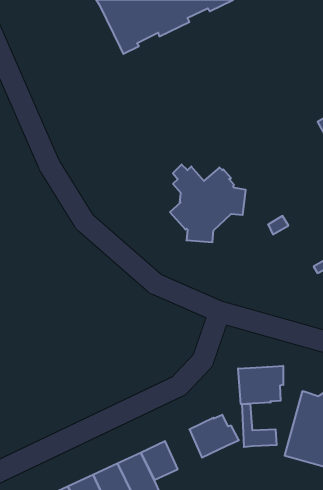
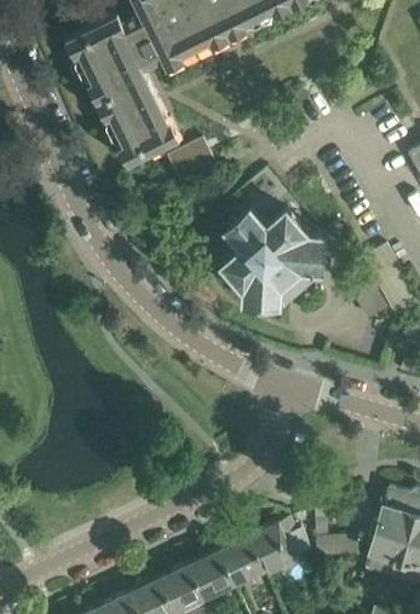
building: none -> [65,6,179,164]
building: none -> [167,139,213,179]
building: [238,366,283,404] -> none
building: none -> [218,535,264,585]

